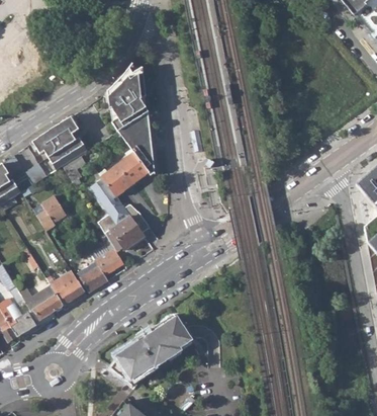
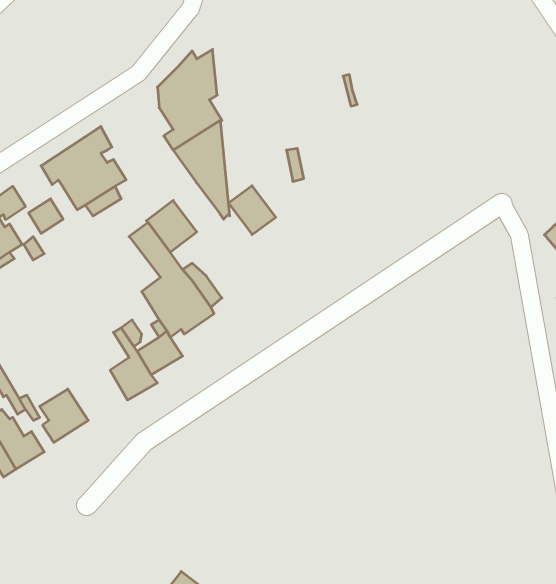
building: [117,153,148,184] -> [229,186,276,235]
building: [35,196,66,231] -> none
building: [45,271,83,306] -> none
building: [110,315,191,380] -> none

